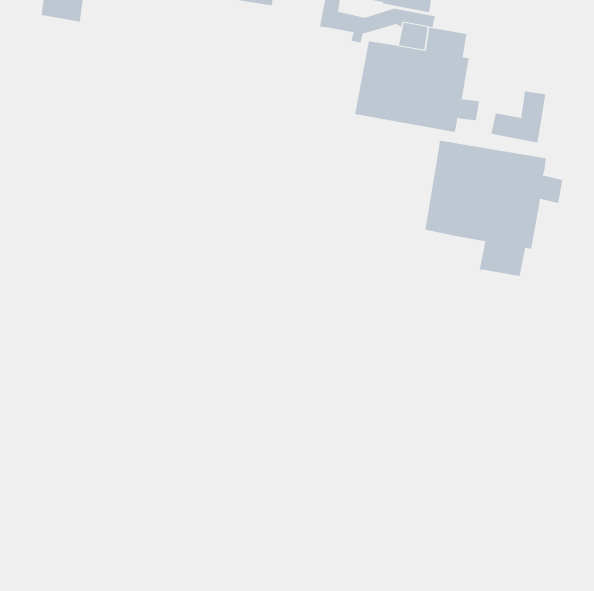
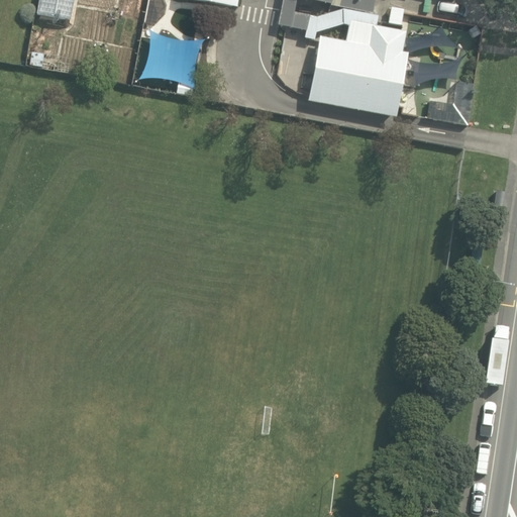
building: [425,140,563,277] -> none

